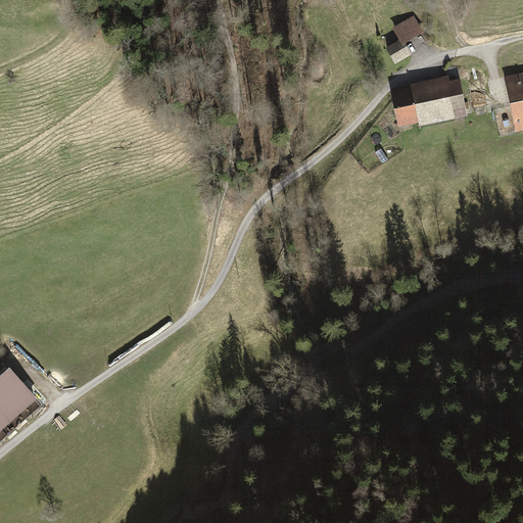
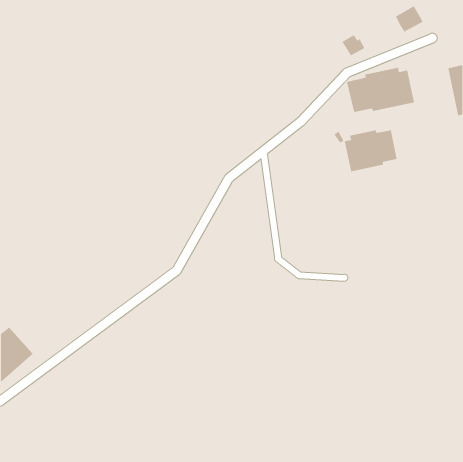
building: [393,14,425,45] -> [395,6,423,33]
building: none -> [344,129,397,172]

